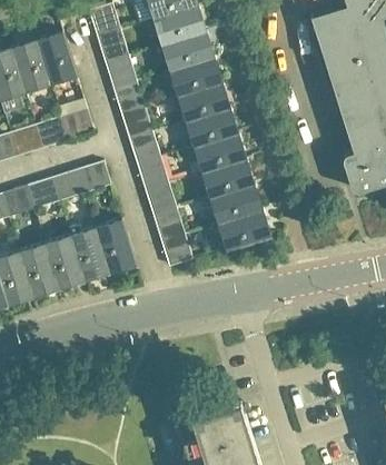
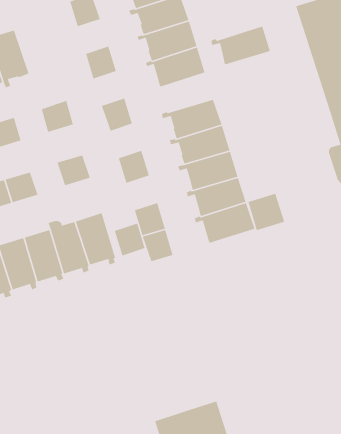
building: [97,30,128,63] -> none
building: [36,31,76,83] -> none
building: [112,81,143,115] -> none
building: [171,82,230,121] -> [210,26,271,65]
building: [36,118,68,149] -> none
building: [129,132,160,166] -> none
building: [51,170,85,202] -> none
building: [145,184,176,217] -> [114,222,146,257]
building: none -> [248,193,285,231]

